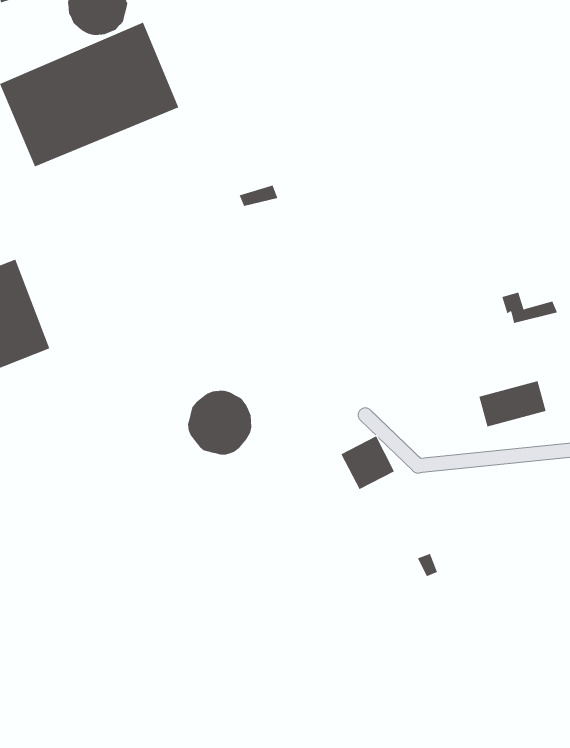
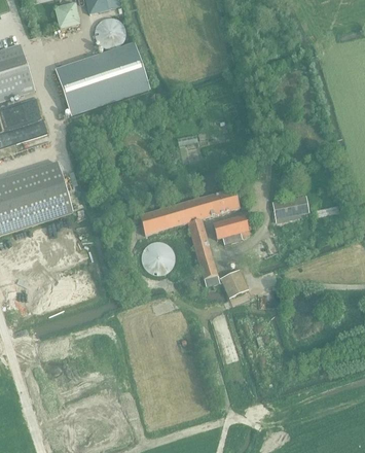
building: none -> [139,186,240,285]
building: none -> [212,214,249,243]
building: [479,380,546,427] -> [272,195,307,217]

